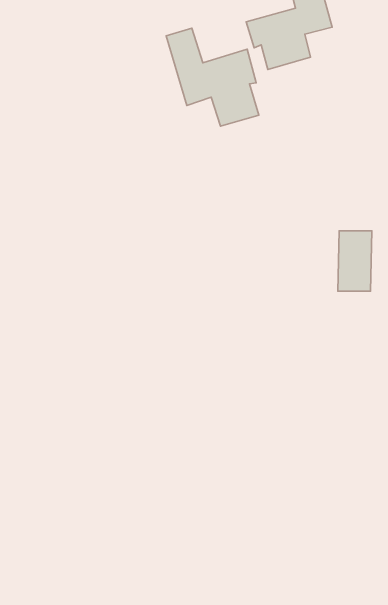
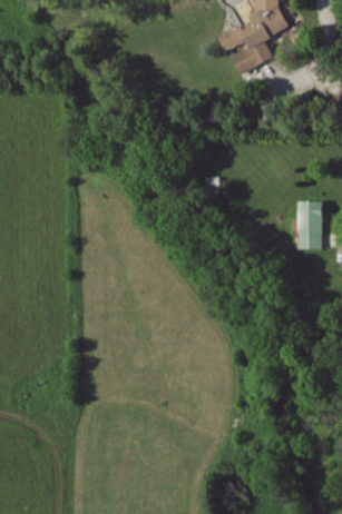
building: [166,28,259,126] -> none

